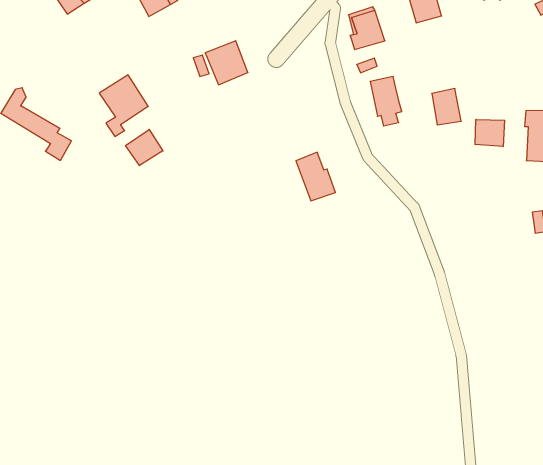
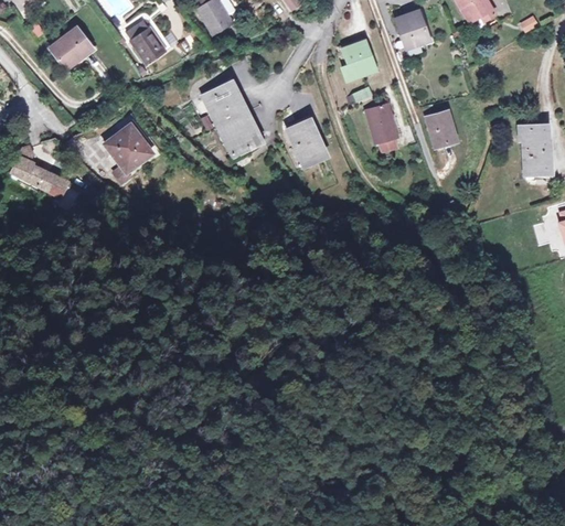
building: none -> [218,111,263,155]
building: [475,119,505,147] -> none
building: [126,129,163,166] -> none
building: [296,152,335,201] -> [286,119,327,167]

